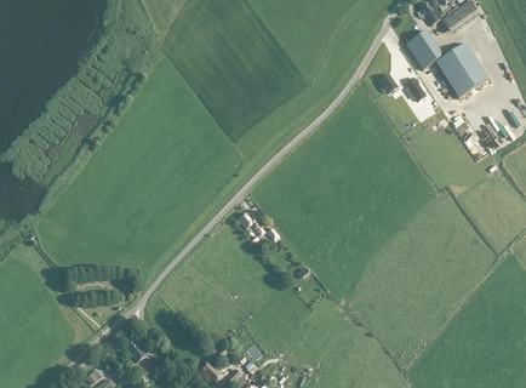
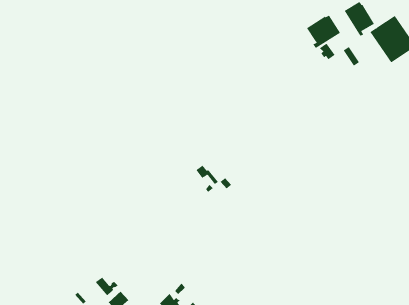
building: none -> [306,15,341,49]

